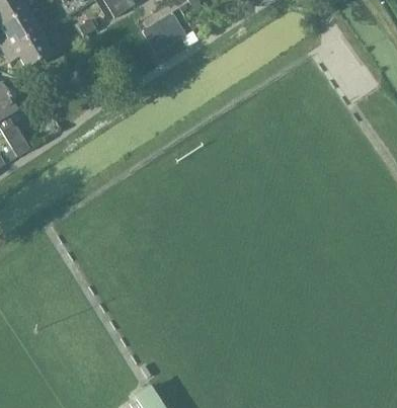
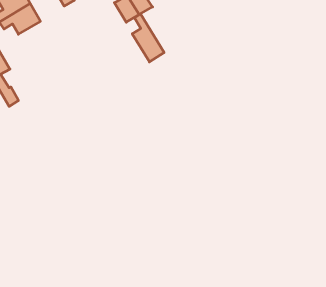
building: none -> [132,14,164,62]

